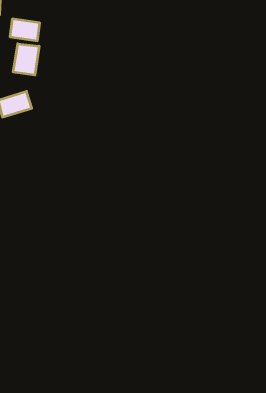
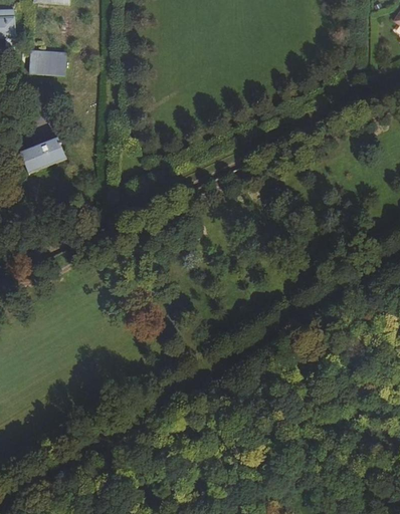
building: [13,44,39,75] -> none

